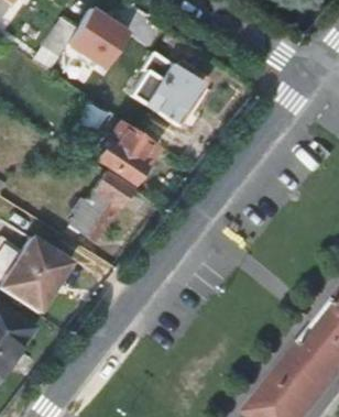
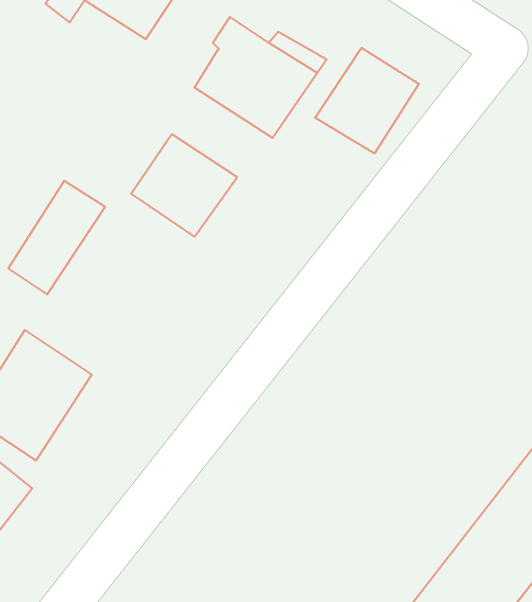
building: none -> [315,48,419,153]
building: [74,171,131,238] -> [8,181,105,294]

